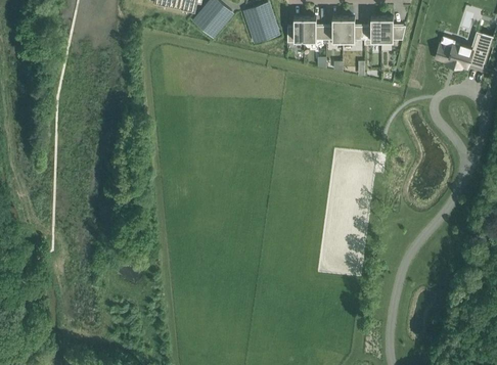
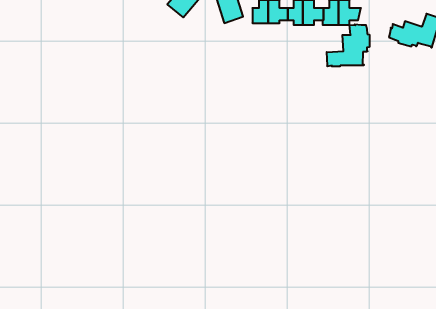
building: none -> [327,24,369,66]

